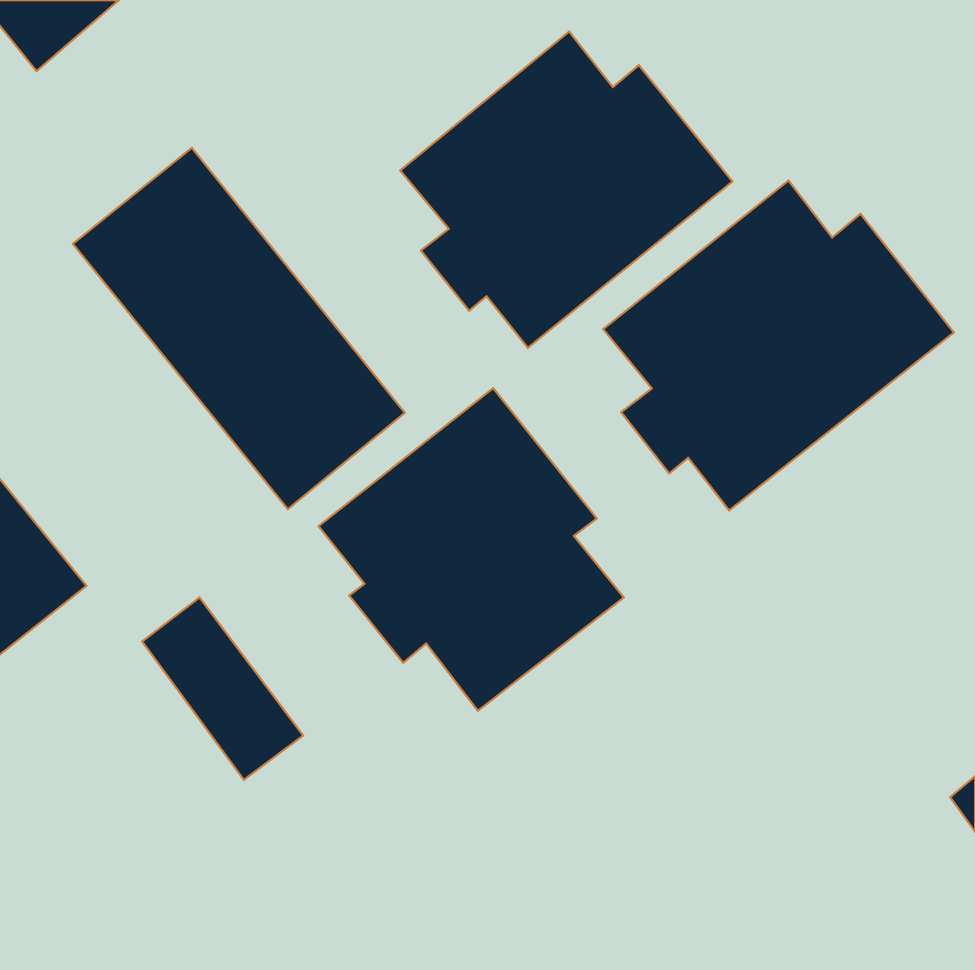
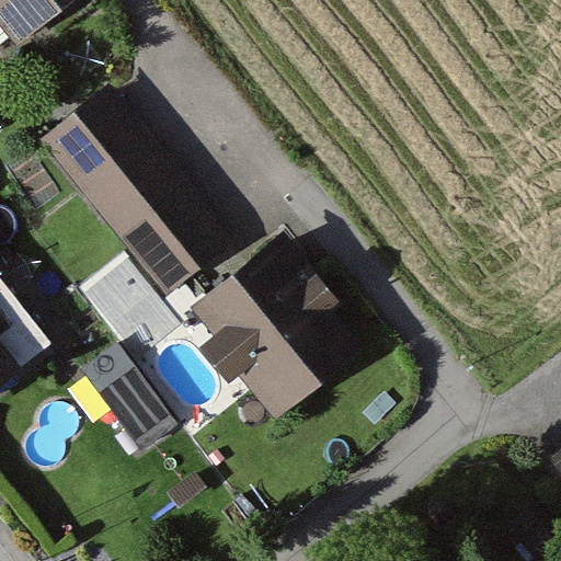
building: [400,31,733,348] -> none
building: [603,180,954,511] -> none

